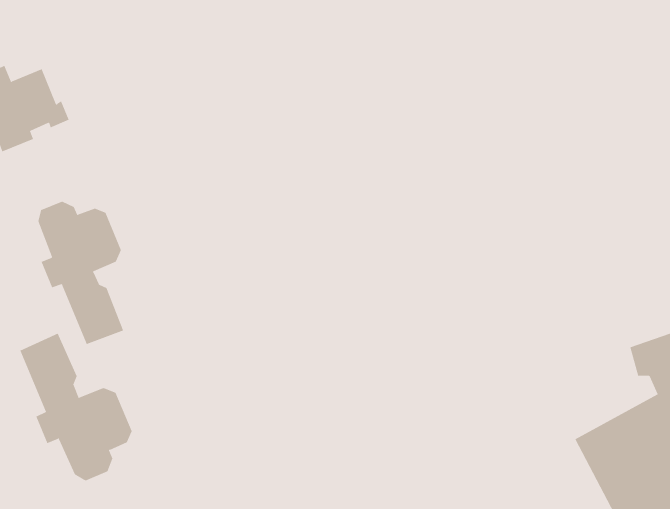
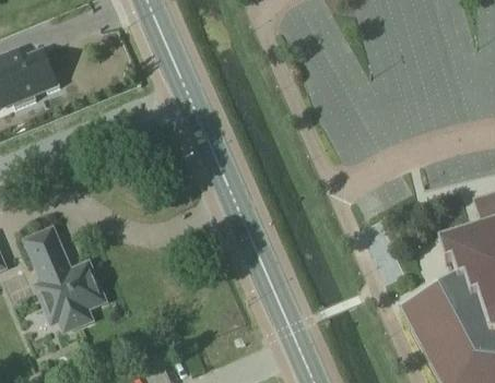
building: [38,201,124,345] -> none

